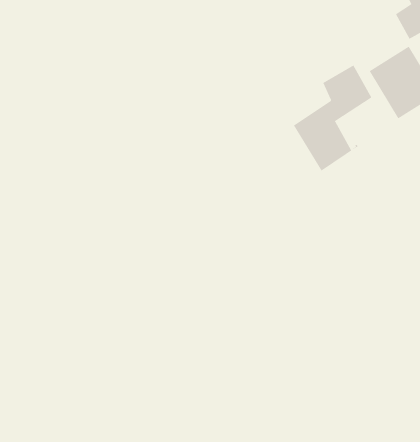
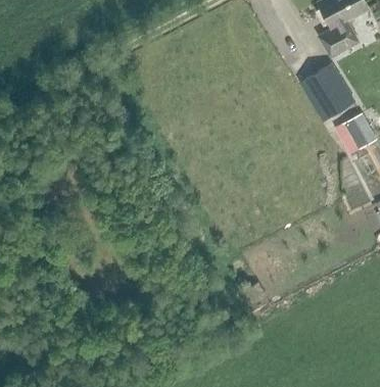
building: [293,64,372,172] -> none

